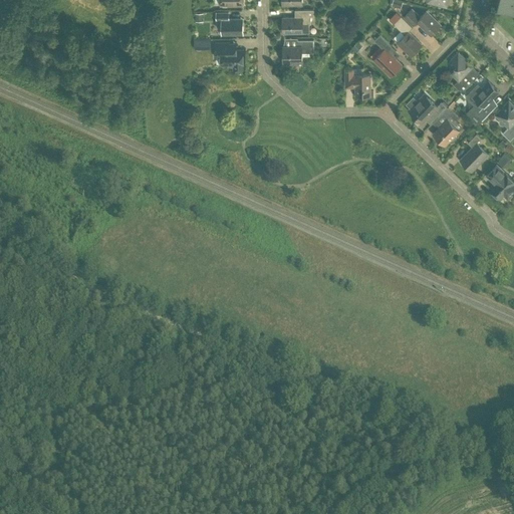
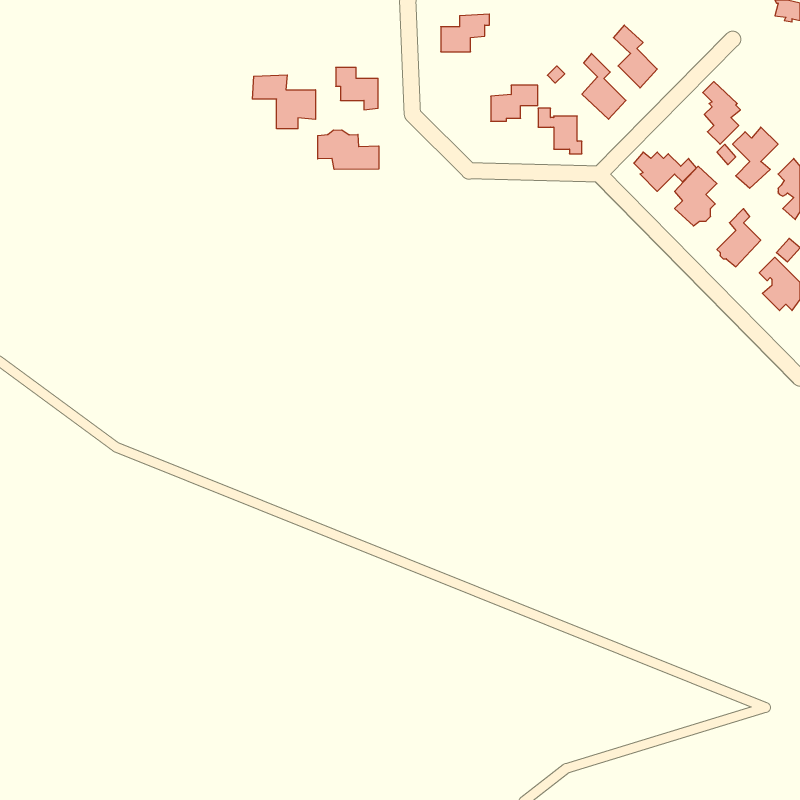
building: [403,10,440,36] -> none
building: [216,13,242,35] -> none
building: [282,41,312,64] -> [491,85,538,121]
building: none -> [252,75,315,129]
building: none -> [318,130,379,169]

